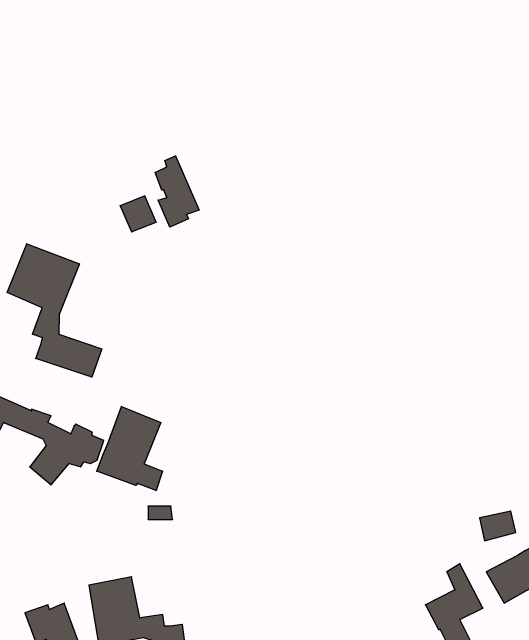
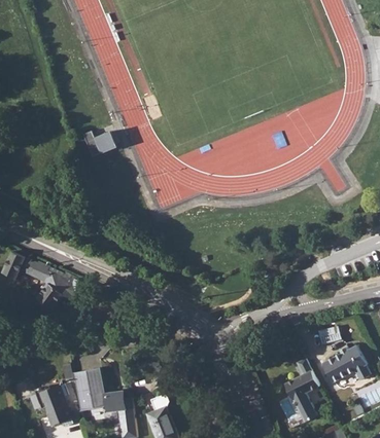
building: [155,156,199,227] -> none
building: [7,244,102,377] -> none
building: [97,406,163,491] -> none

